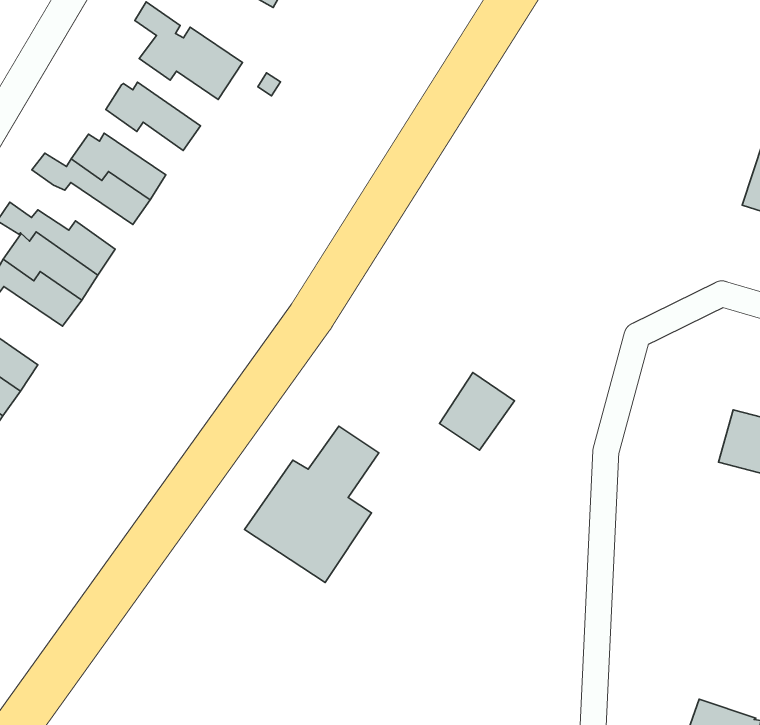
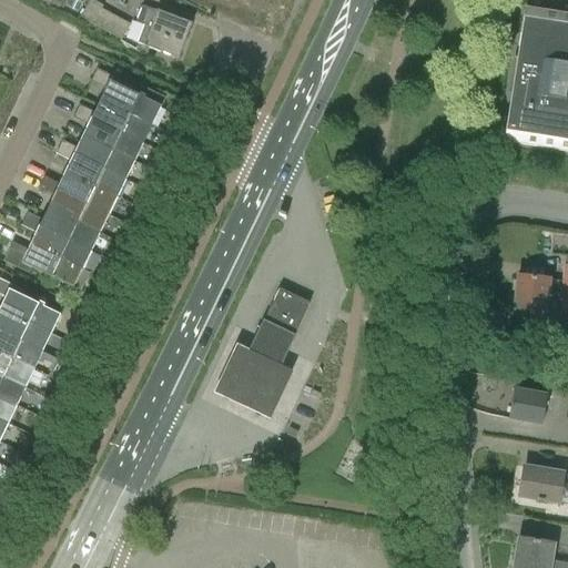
building: none -> [72,101,152,140]
building: none -> [55,136,134,175]
building: none -> [45,190,109,229]
building: [439,372,514,450] -> [263,285,310,335]
building: none -> [508,387,547,422]

